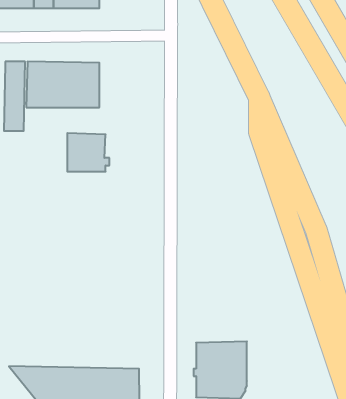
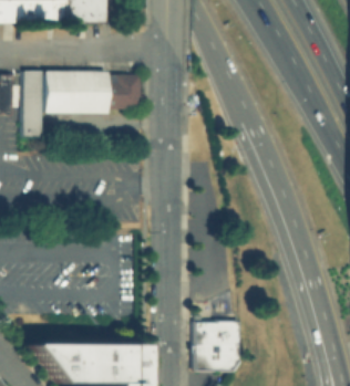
building: [67,133,109,172] -> [111,73,148,107]

